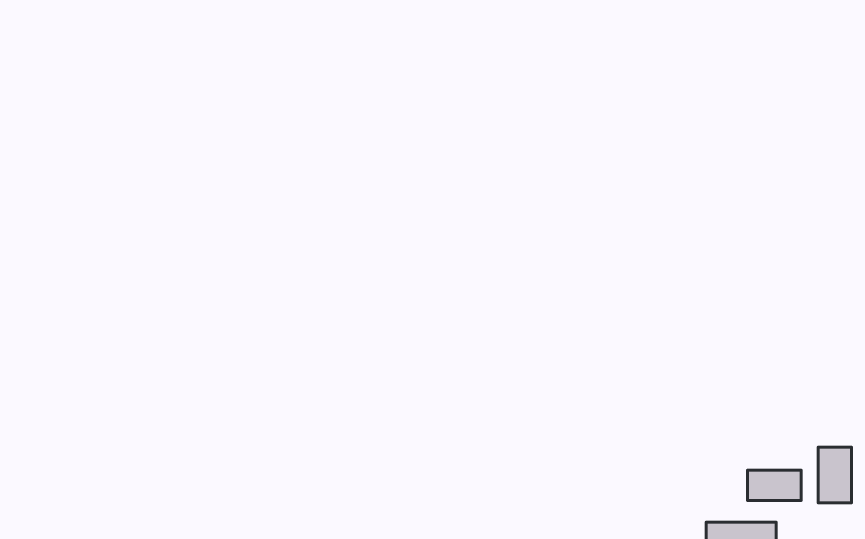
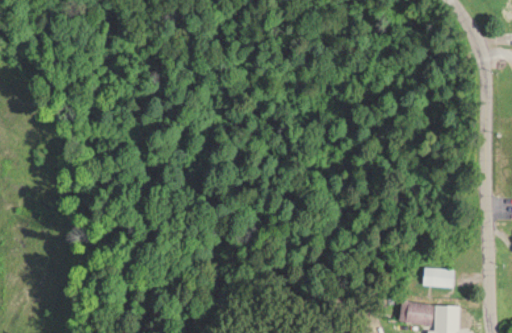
building: [818,447,852,503] -> none

